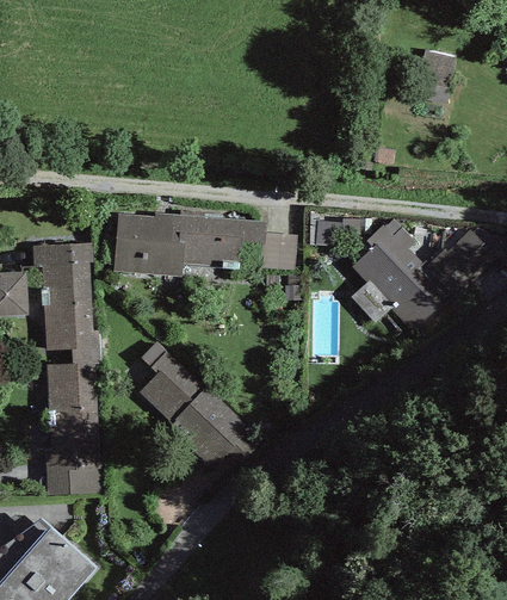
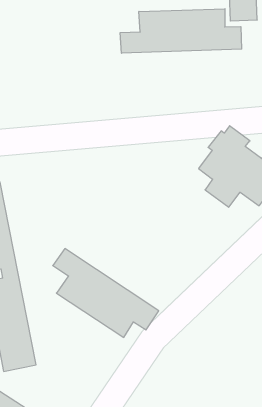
building: none -> [120,9,242,53]
building: [115,214,296,278] -> none

